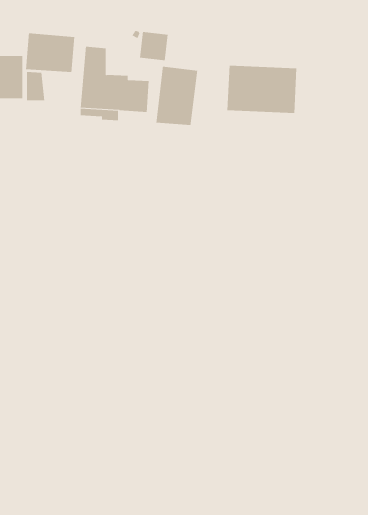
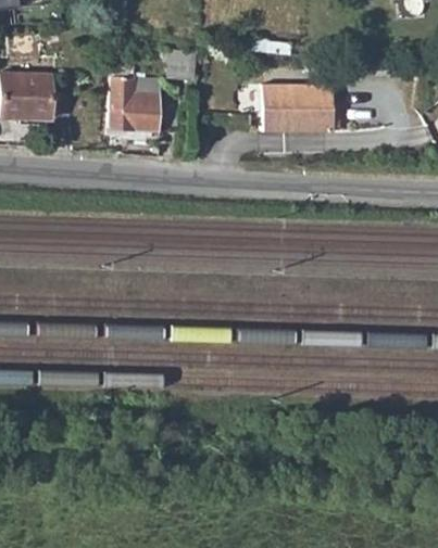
building: [25,33,75,73] -> none
building: [156,66,198,126] -> none

